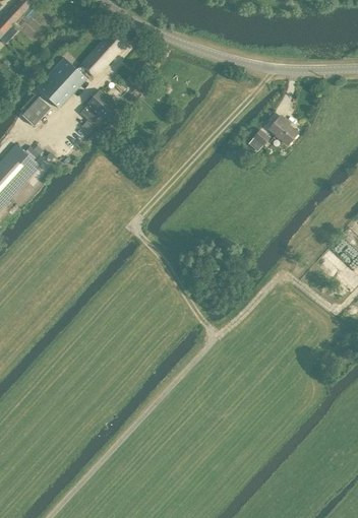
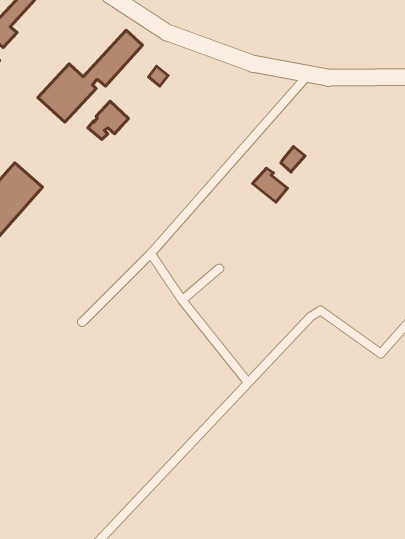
building: [21,96,51,127] -> none
building: [267,116,298,145] -> [253,168,287,202]

